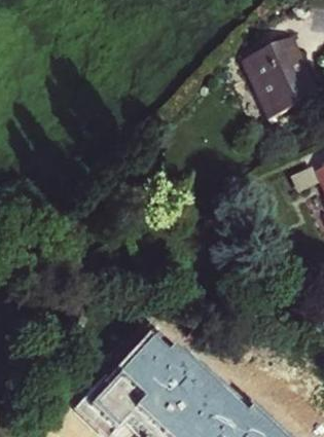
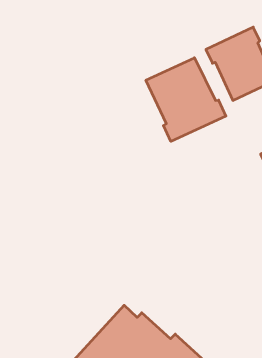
building: none -> [146,58,226,141]

